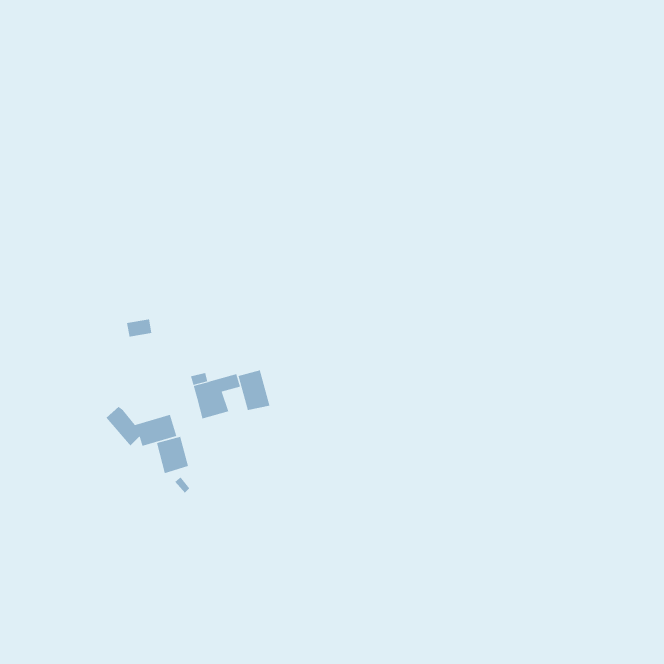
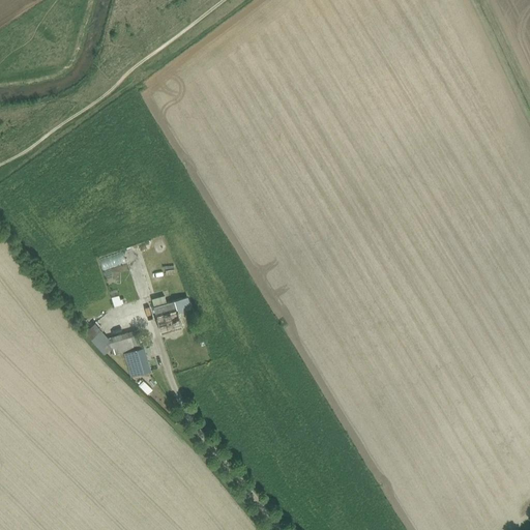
building: [238,370,270,411] -> none

